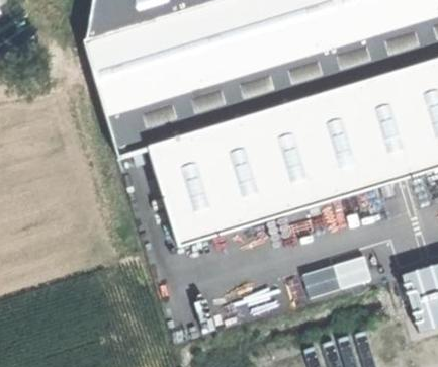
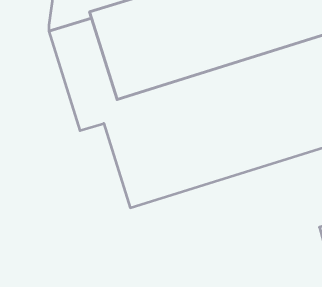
building: [302,253,374,298] -> none

